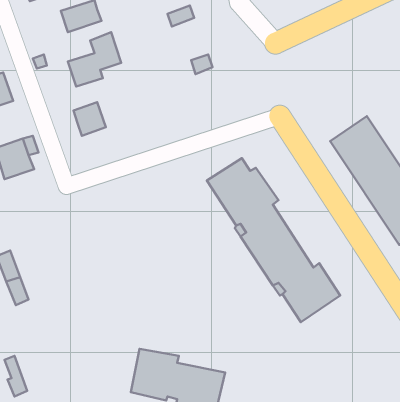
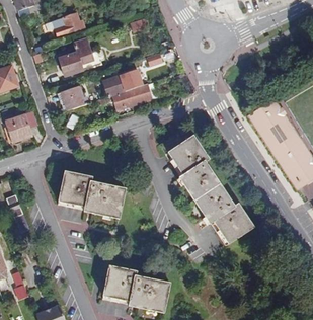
building: none -> [103,70,153,111]
building: none -> [58,170,126,219]

